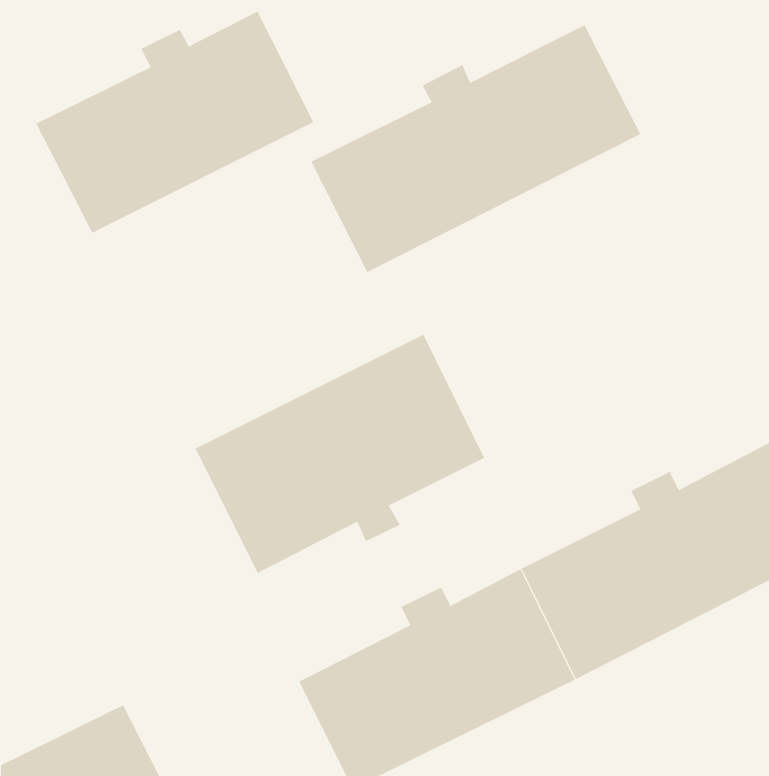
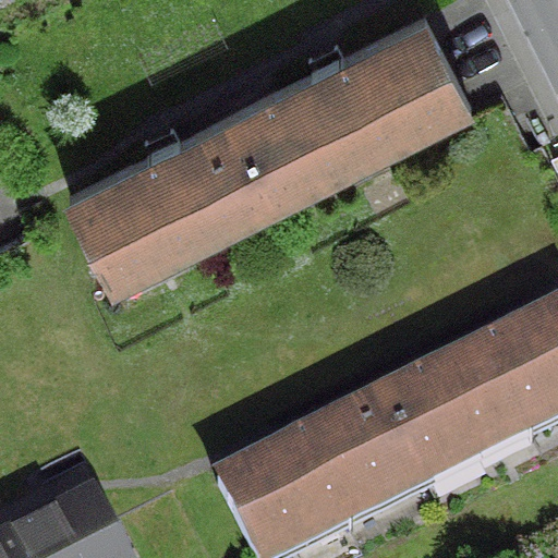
building: [36,11,314,233] -> [70,118,269,277]
building: [195,334,485,574] -> none

